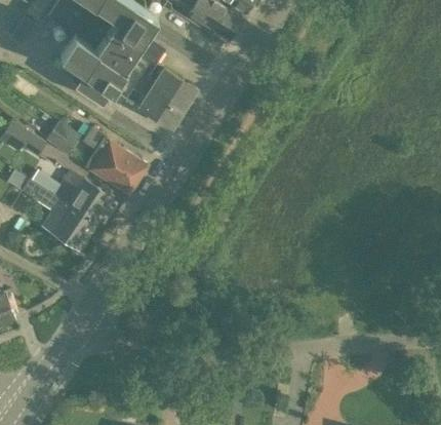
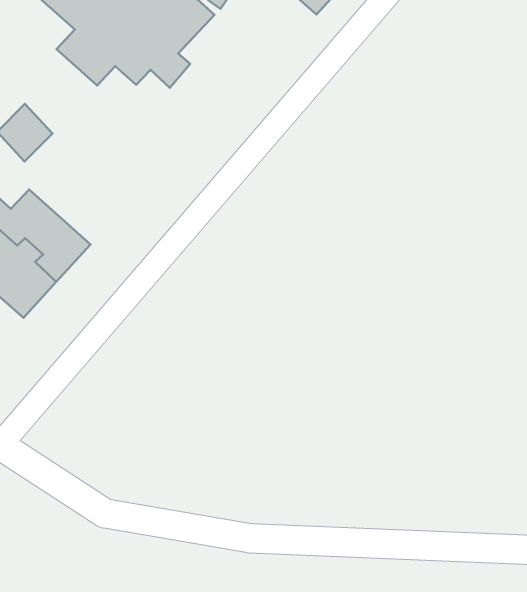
building: [141,69,196,127] -> none
building: [82,126,149,195] -> none

